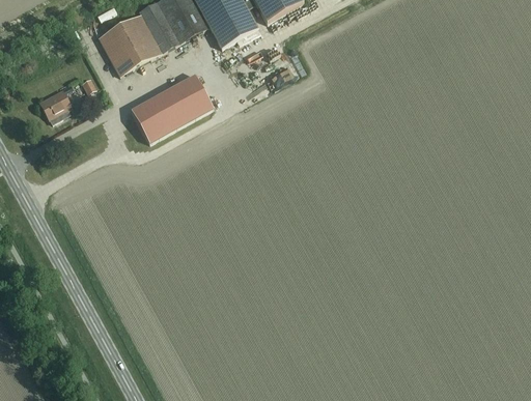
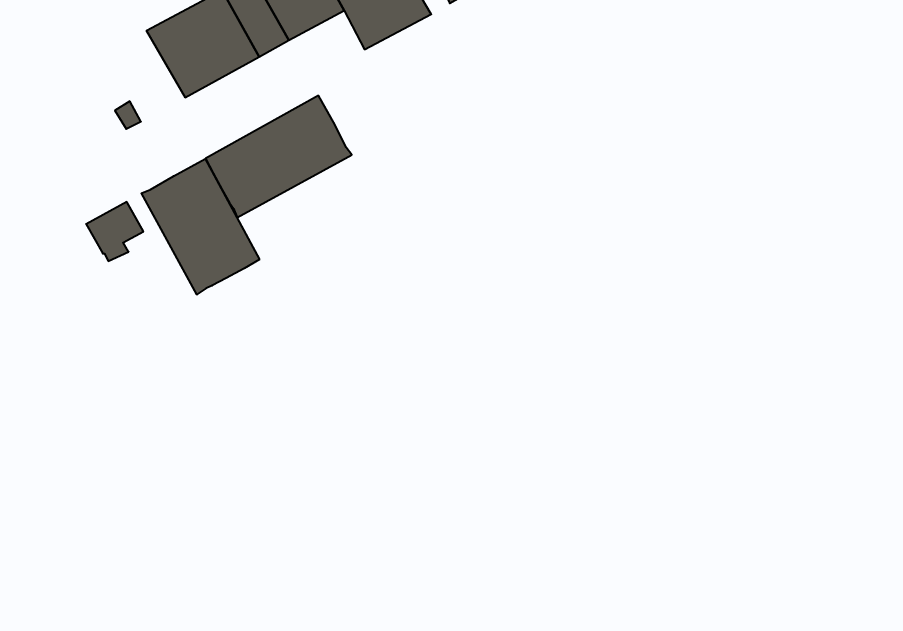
building: [39,89,72,122] -> [86,202,143,261]
building: none -> [141,159,259,295]

